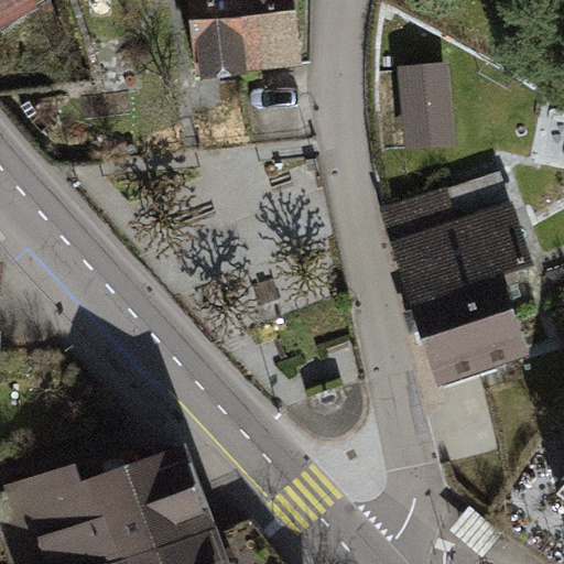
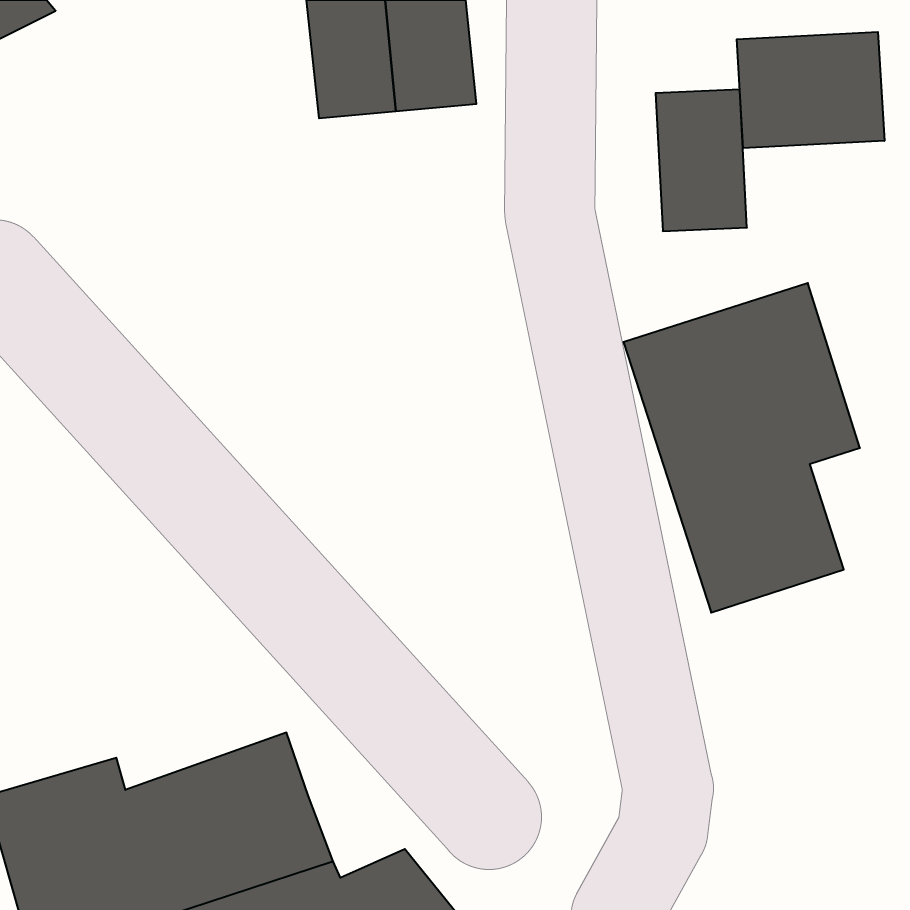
building: none -> [737,32,884,148]

